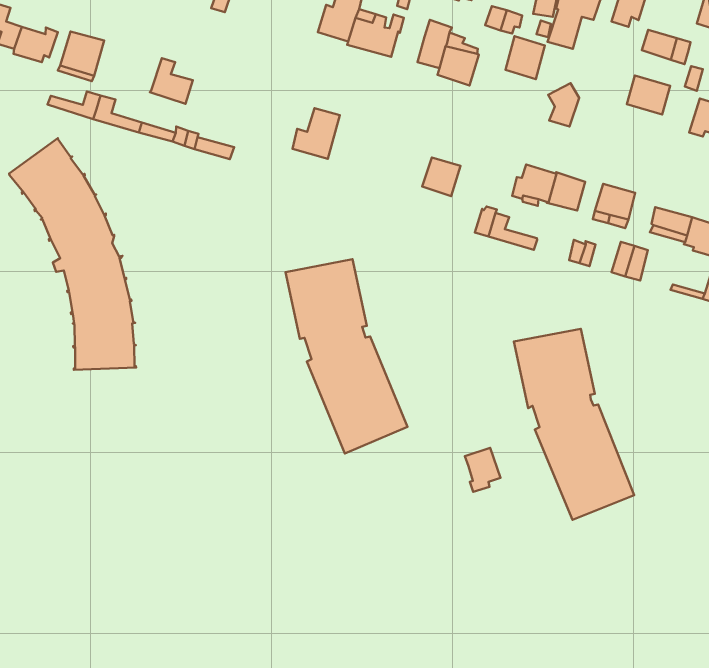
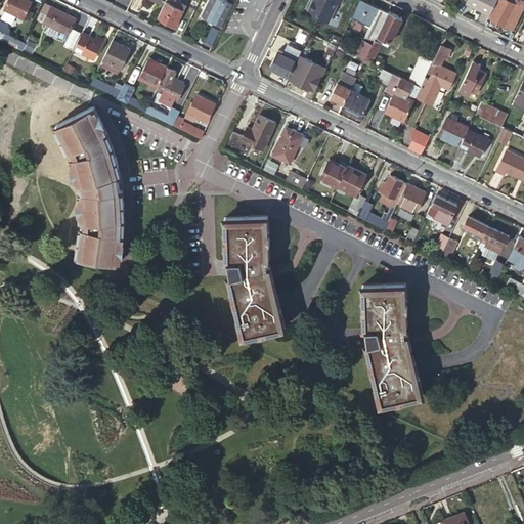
building: none -> [139,59,168,88]
building: none -> [438,116,469,147]
building: none -> [186,96,217,124]
building: none -> [272,128,302,163]
building: none -> [338,166,365,195]
building: [465,448,501,492] -> none

